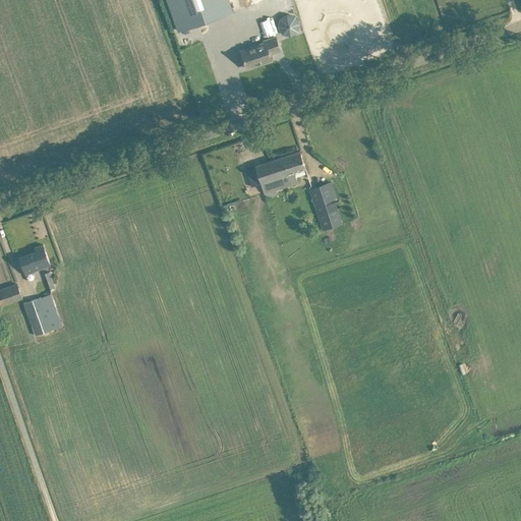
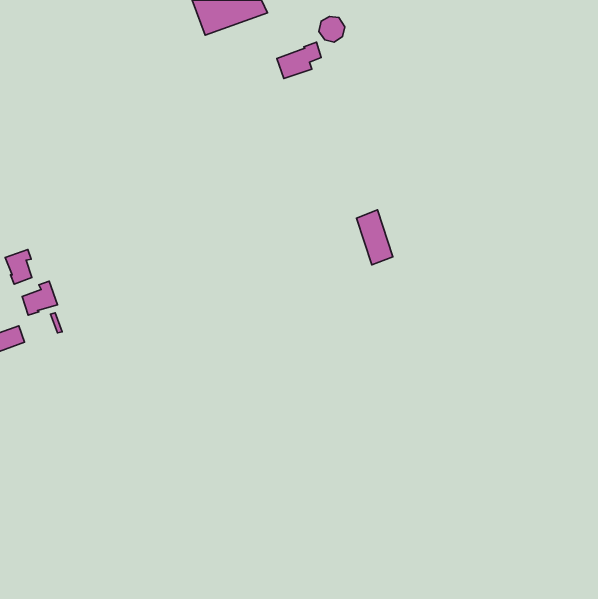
building: [245,151,305,193] -> none
building: none -> [5,250,32,284]
building: [22,293,62,336] -> none

